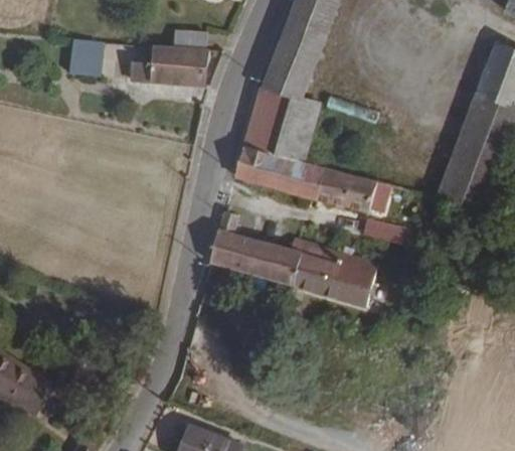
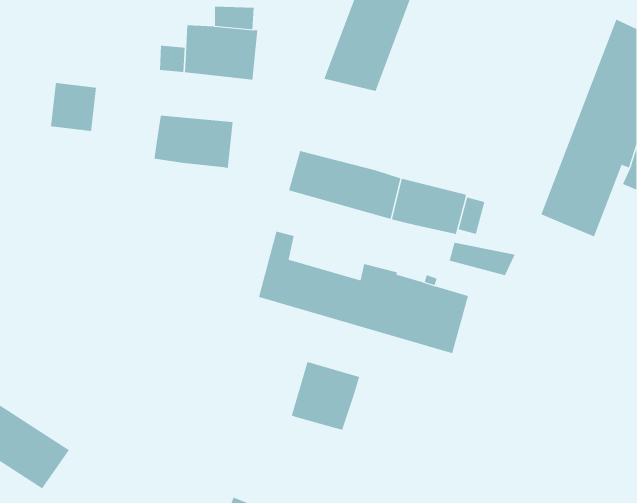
building: [67,37,105,77] -> [50,83,97,132]
building: [242,87,322,161] -> none
building: none -> [154,115,233,169]
building: none -> [291,361,360,431]

